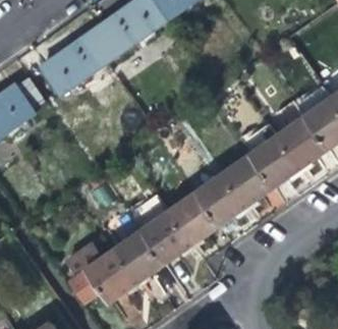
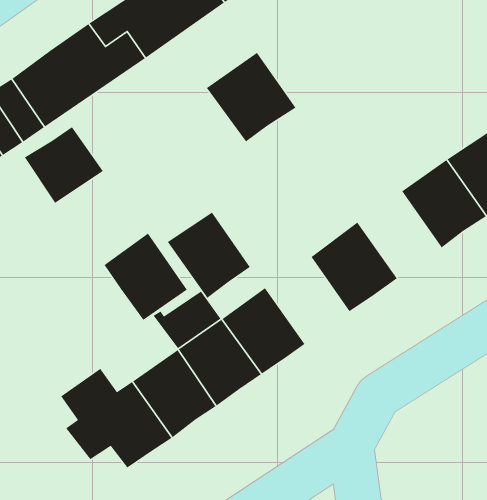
building: none -> [206,52,297,142]
building: none -> [24,126,104,204]
building: [248,134,299,187] -> none
building: none -> [103,232,188,321]
building: [192,174,243,227] -> [167,212,251,299]

